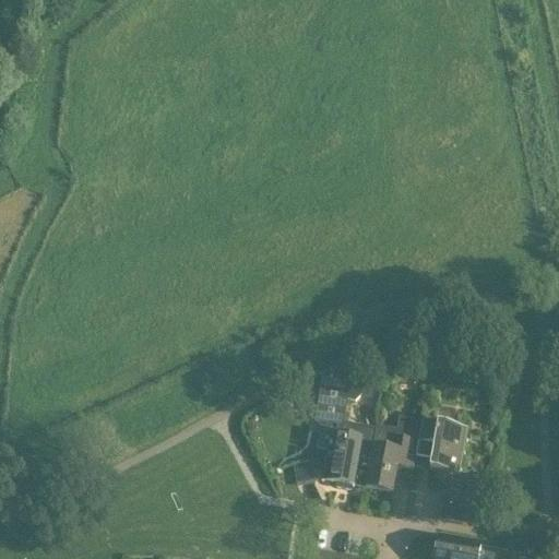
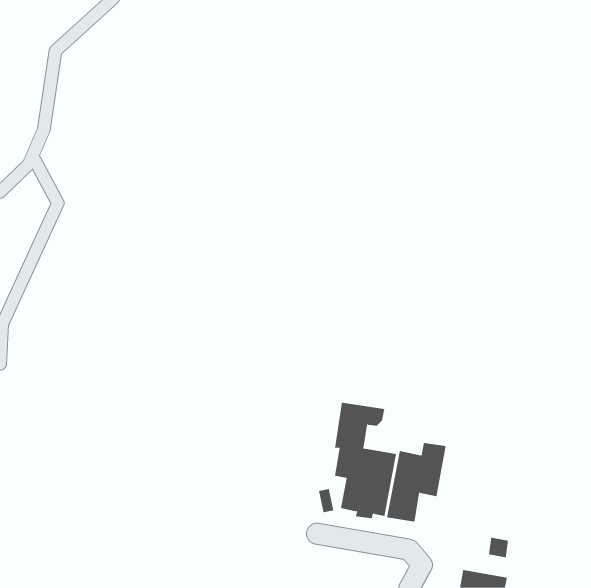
building: [416,420,466,475] -> none

